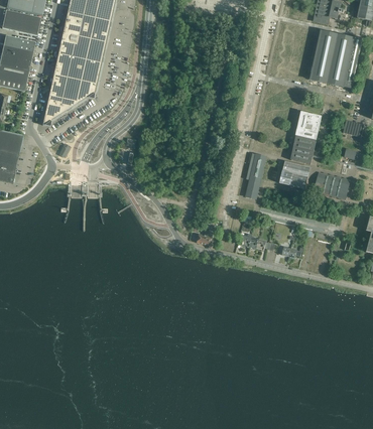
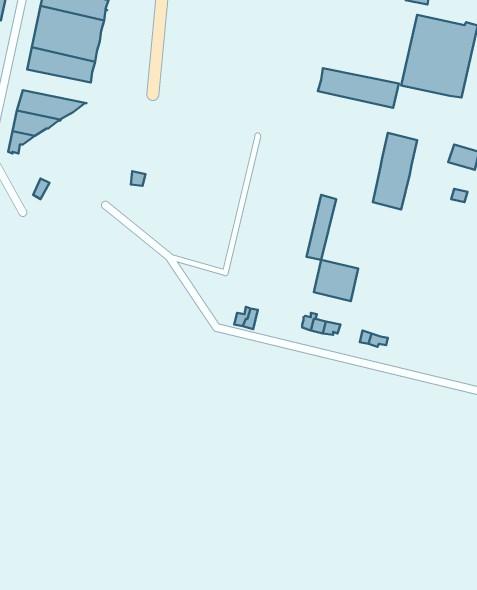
building: none -> [318,68,399,108]
building: [52,67,99,91] -> none
building: [280,160,310,188] -> [314,260,358,301]
building: [315,171,350,198] -> none

